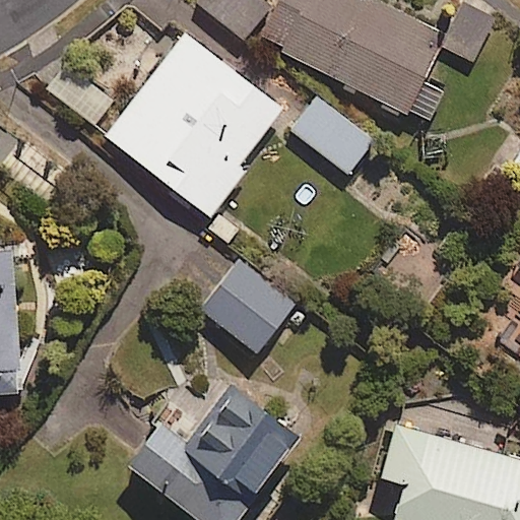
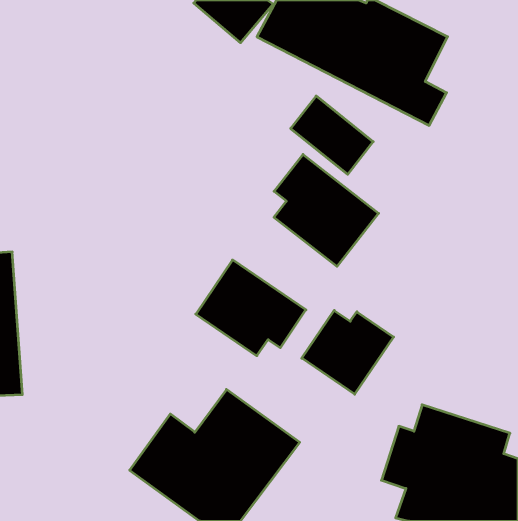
building: [105,34,281,216] -> none
building: none -> [274,154,379,266]
building: none -> [302,310,394,394]

